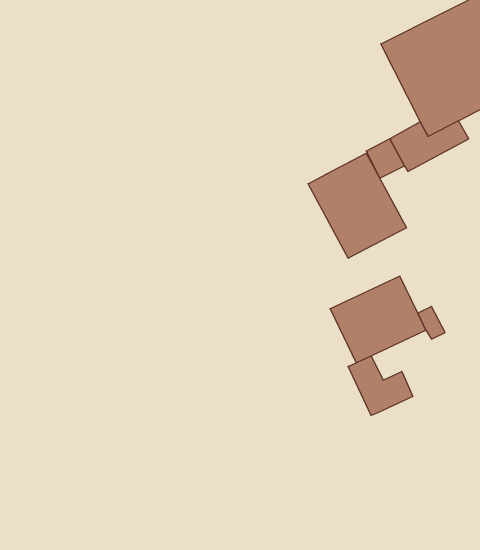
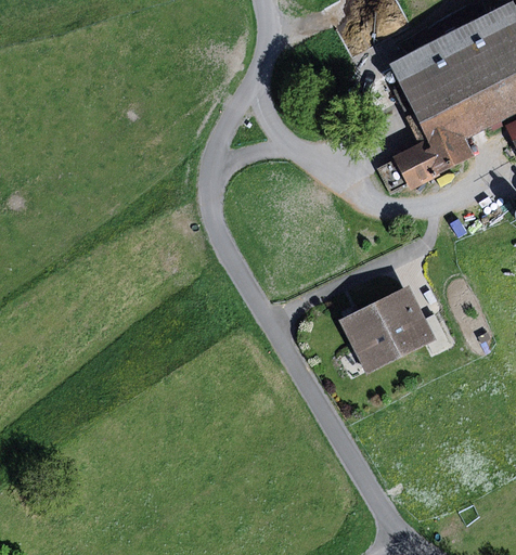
building: [308,153,406,258] -> none
building: [348,356,413,416] -> none

